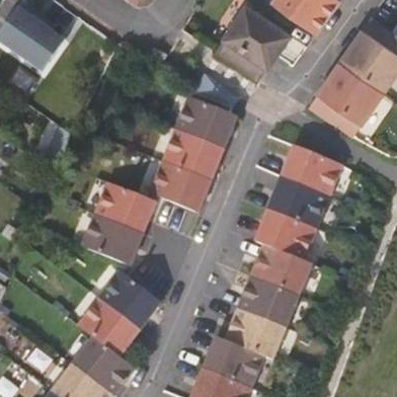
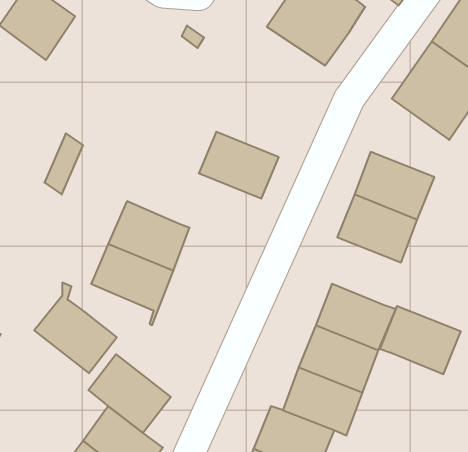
building: [174,90,234,148] -> none
building: [146,160,209,212] -> none
building: [253,209,315,260] -> [380,306,461,374]
building: [98,261,161,330] -> [34,283,117,373]

